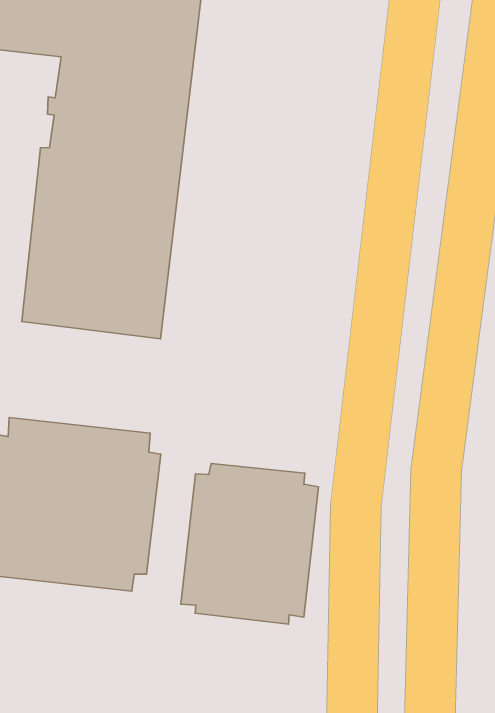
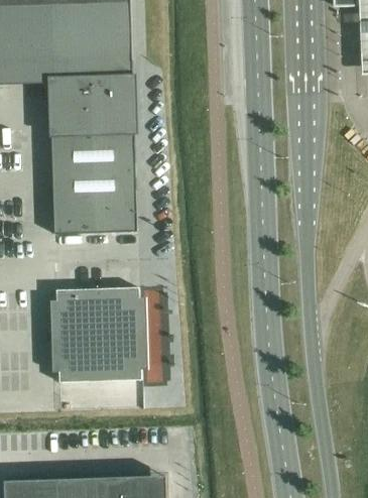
building: [181,464,318,624] -> none

